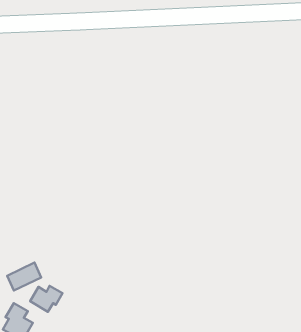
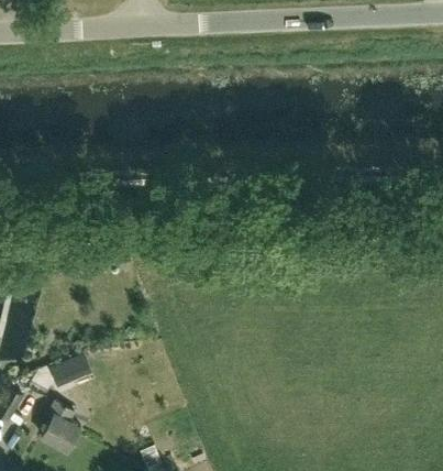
building: [30,286,63,312] -> none

